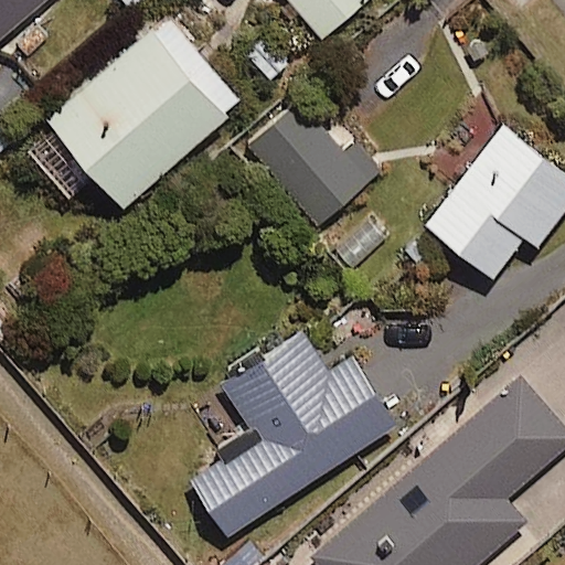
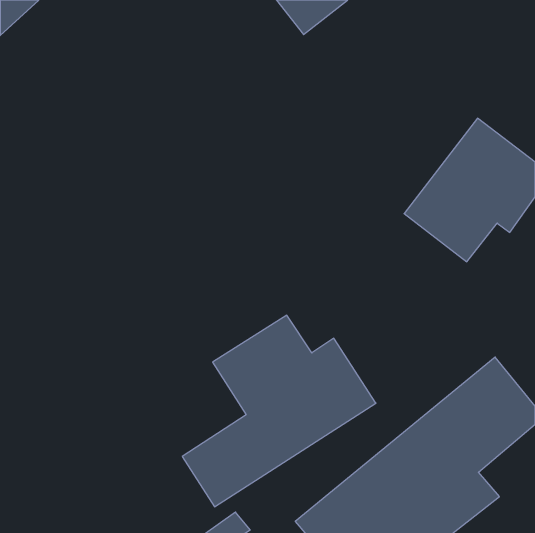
building: [46,18,242,207] -> none
building: [248,102,382,225] -> none

